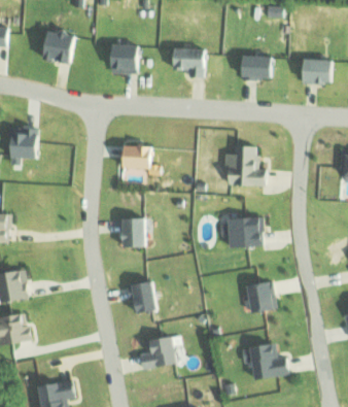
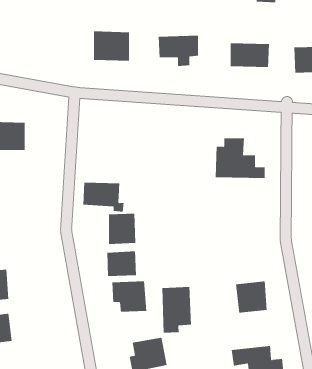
building: [41,30,77,61] -> none
building: [119,144,160,173] -> [83,182,125,212]
building: [219,216,266,247] -> none
building: none -> [107,250,136,277]
building: none -> [162,286,192,333]

